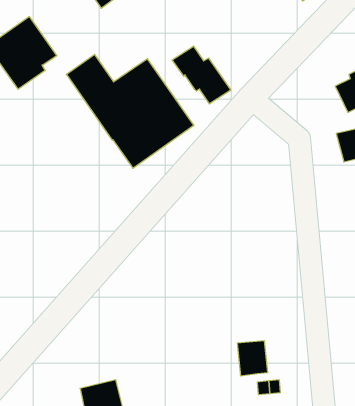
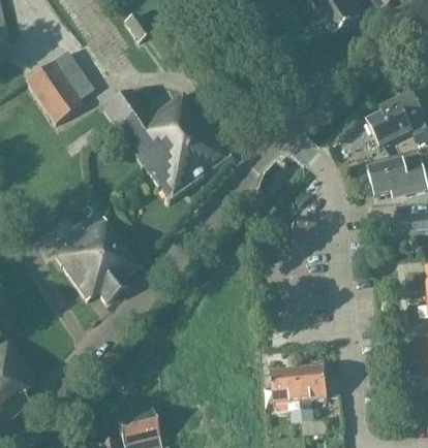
building: [172,46,231,104] -> none
building: none -> [54,216,137,300]
building: none -> [297,365,327,399]

